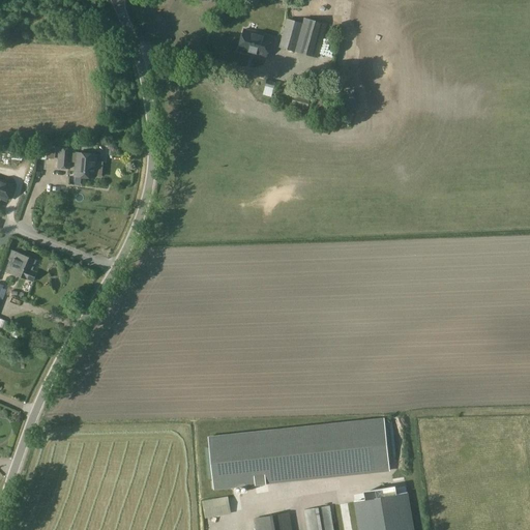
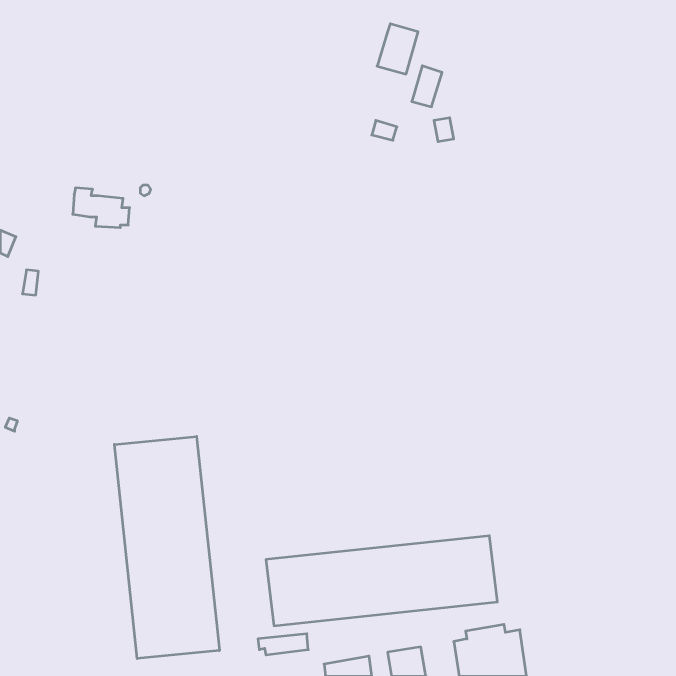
building: [279,20,303,52] -> [412,66,442,107]
building: [238,30,271,59] -> none
building: [6,249,36,282] -> none
building: none -> [114,436,219,659]

